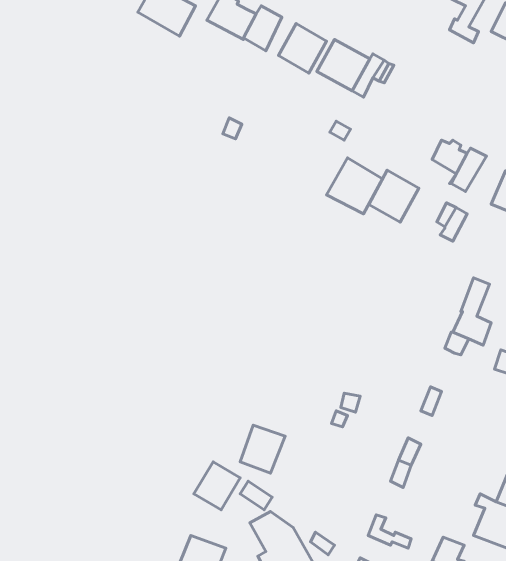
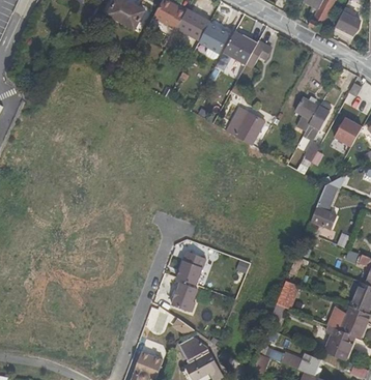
building: [369,170,419,222] -> none
building: none -> [177,250,208,284]

